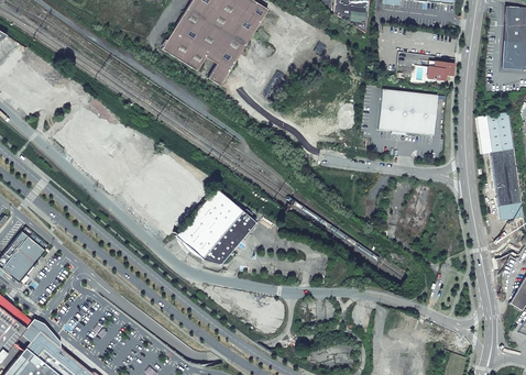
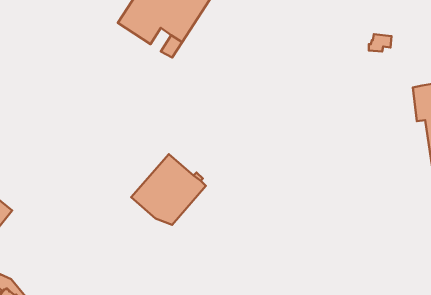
building: [376,89,437,135] -> none

